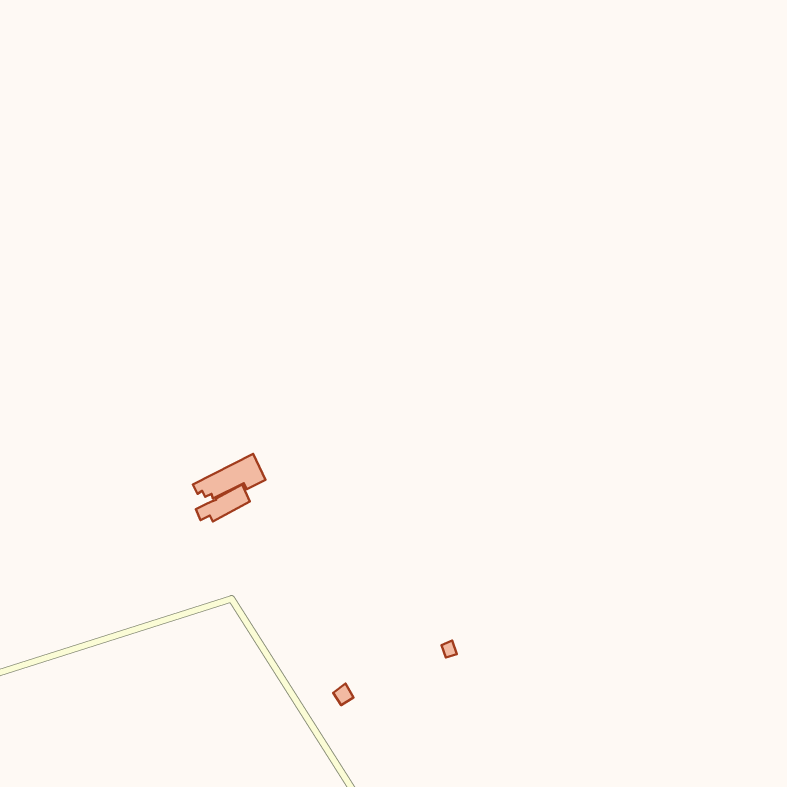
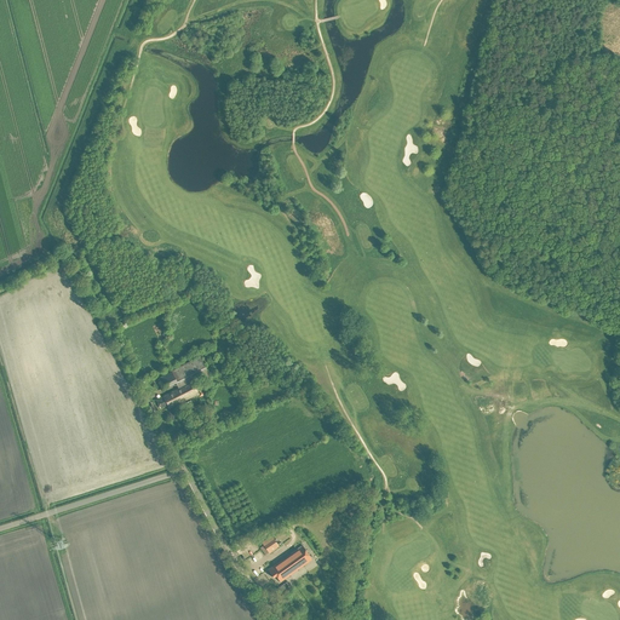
building: none -> [266,546,311,584]

